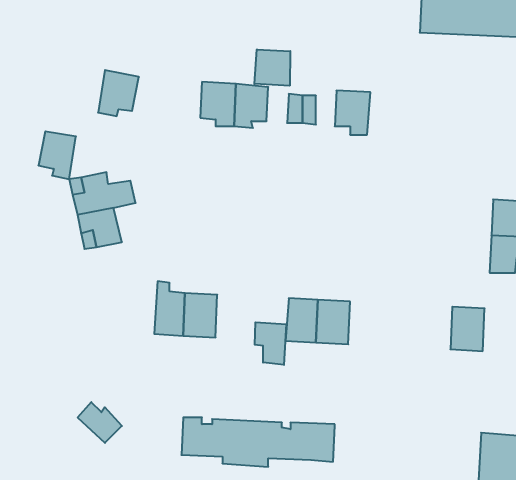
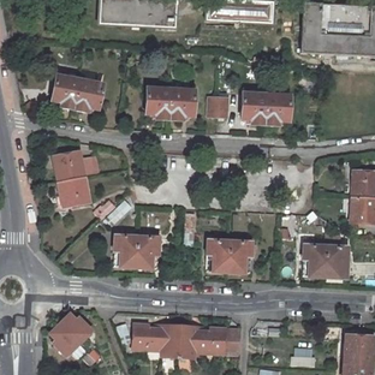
building: [254,49,290,86] -> none
building: none -> [264,93,290,123]
building: [38,131,76,179] -> [53,73,79,107]
building: none -> [303,243,325,274]
building: [255,322,286,365] -> none
building: none -> [52,322,85,356]

